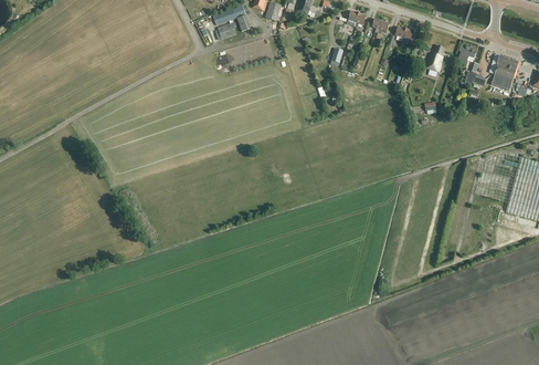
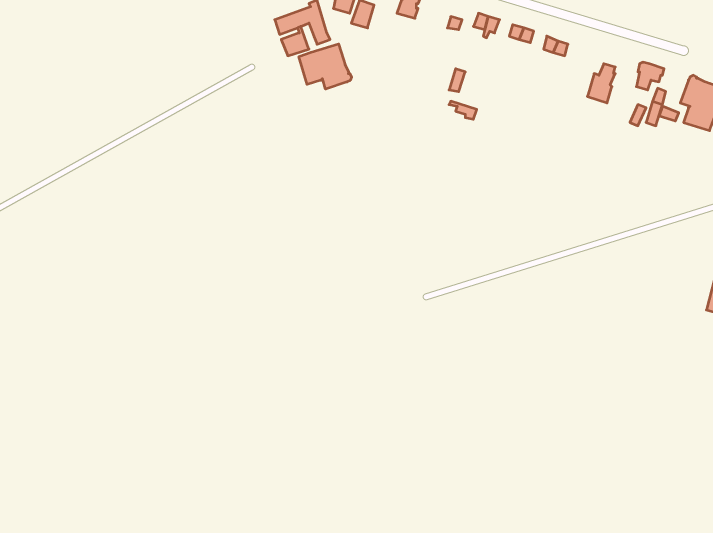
building: none -> [299,44,352,89]

